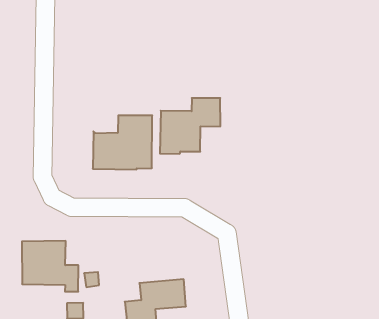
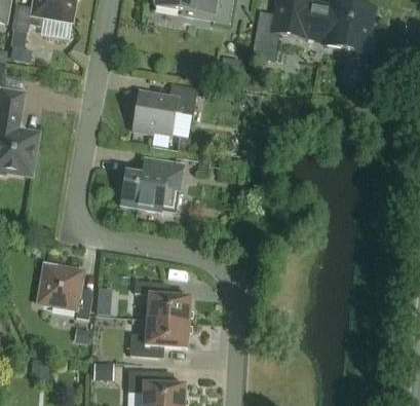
building: [160,98,220,154] -> [132,83,197,135]
building: none -> [133,281,190,322]

